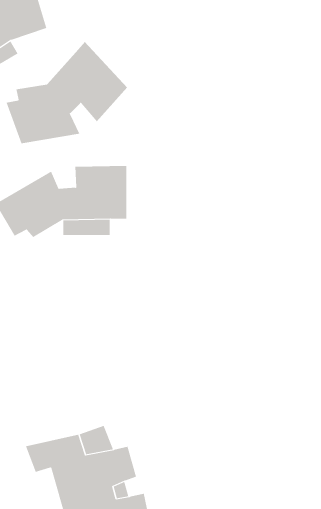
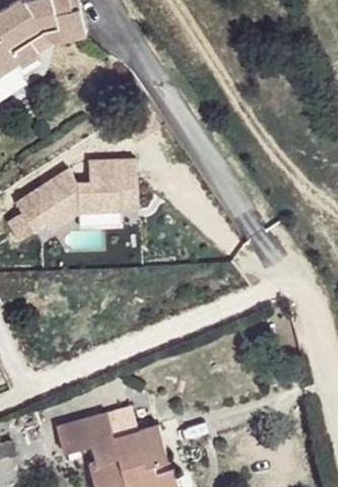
building: [6,41,128,144] -> none

